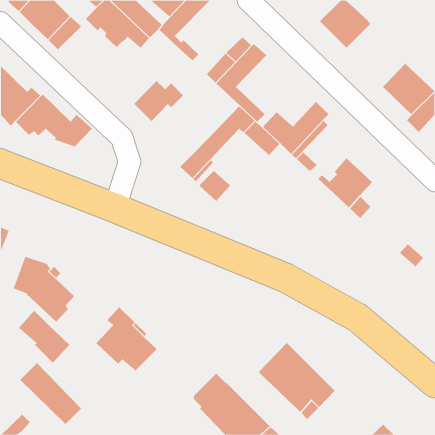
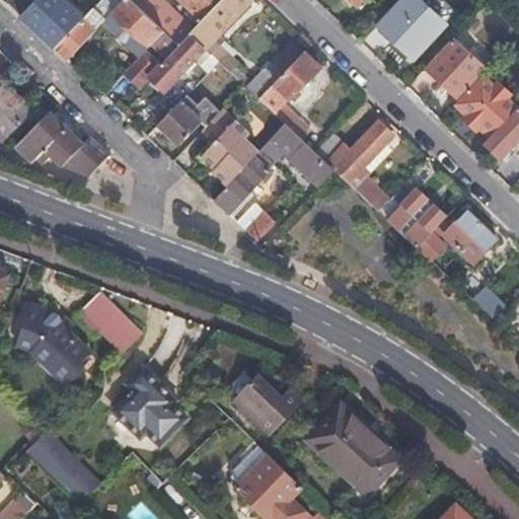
building: none -> [124,35,218,89]
building: none -> [426,38,488,100]
building: none -> [200,113,257,182]
building: none -> [443,211,495,264]
building: [18,310,70,364] -> [79,289,141,353]
building: none -> [234,376,305,436]

